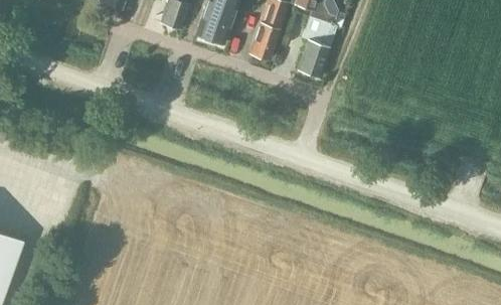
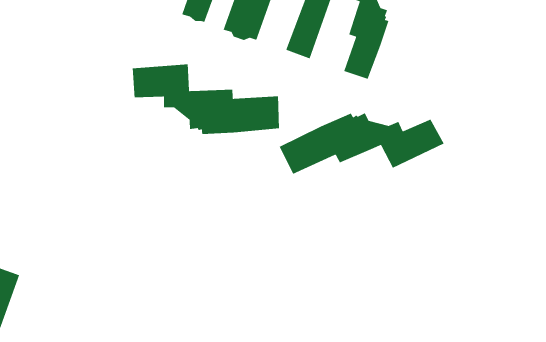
building: none -> [132,63,280,135]
building: none -> [279,112,445,175]

